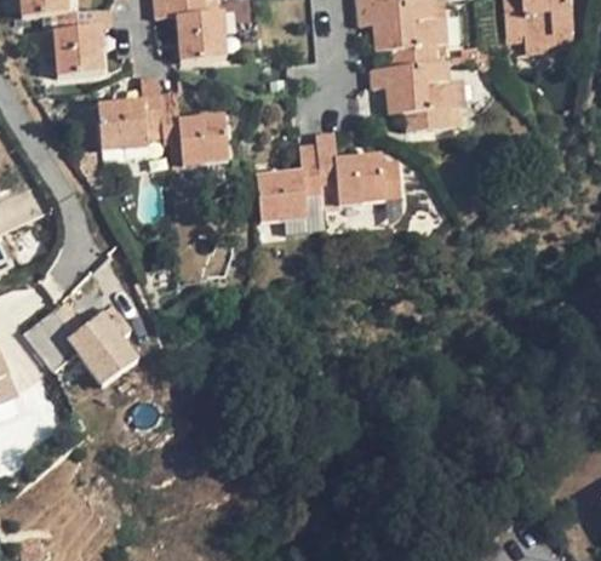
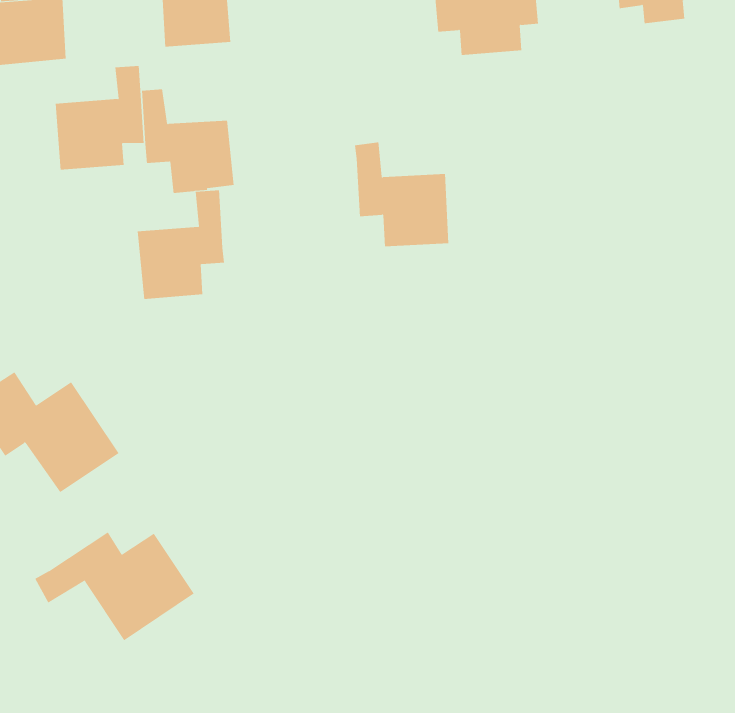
building: [371,63,465,131] -> none
building: [257,143,321,223] -> [137,190,225,300]
building: none -> [35,532,195,641]

